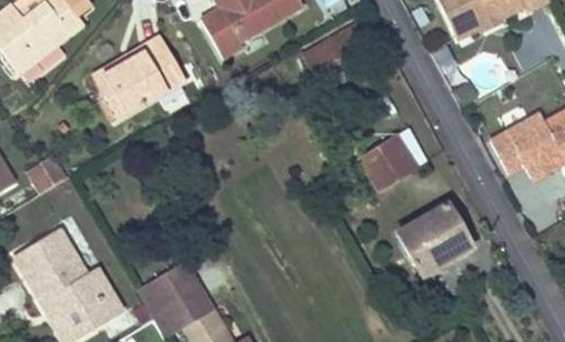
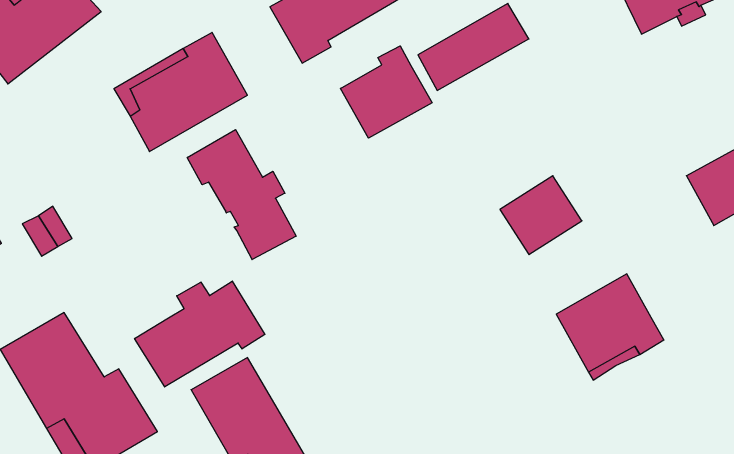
building: none -> [340,46,432,138]
building: none -> [187,130,296,260]
building: none -> [135,281,265,387]

